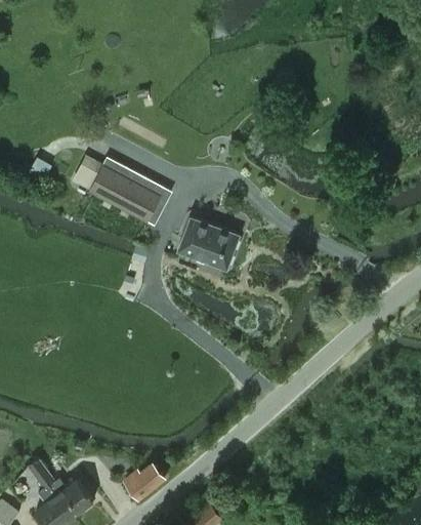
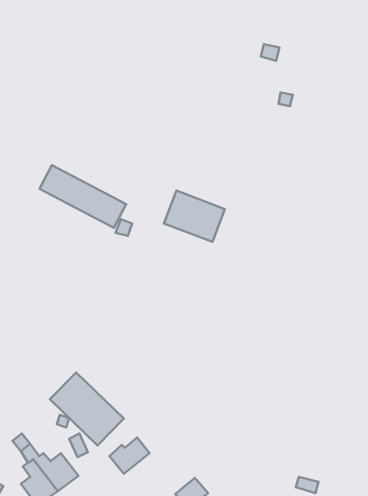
building: [74,158,160,220] -> [40,165,126,228]
building: none -> [50,372,124,445]

